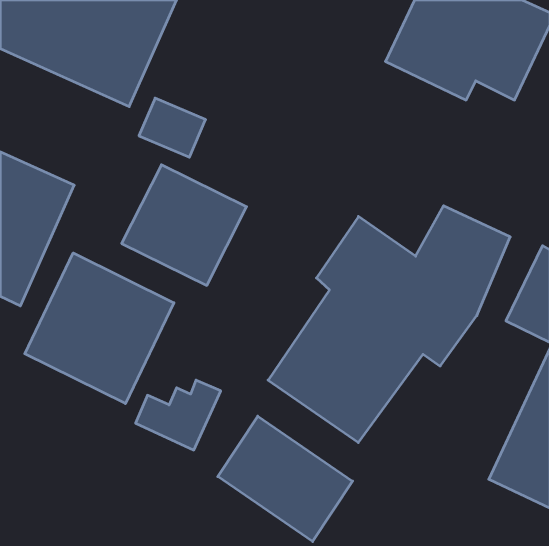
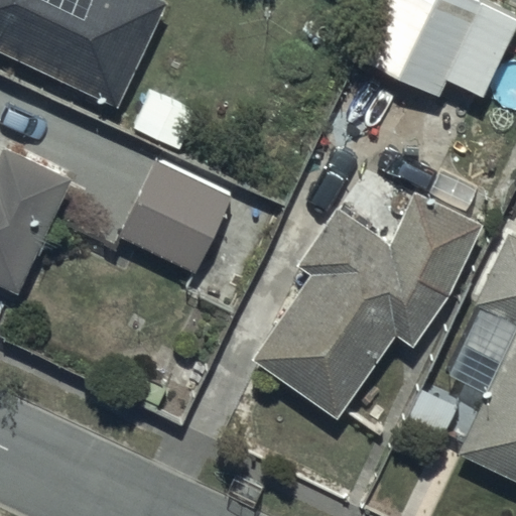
building: [25,253,174,404] -> none
building: [218,416,353,542] -> none

